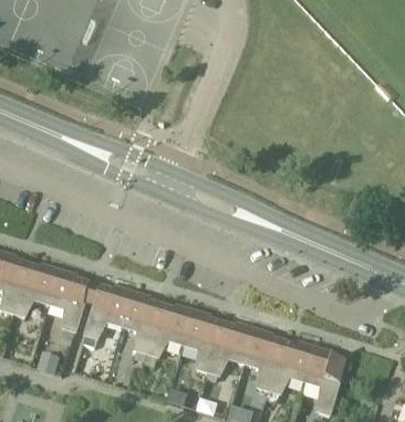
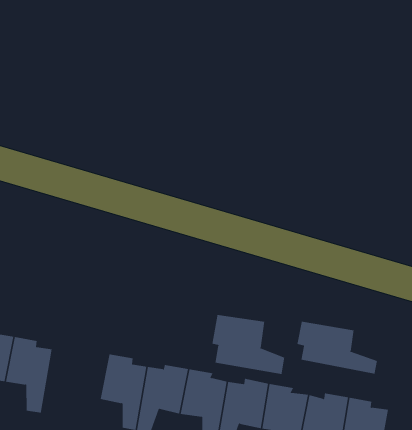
building: none -> [212,314,285,375]
building: none -> [297,321,378,375]
building: [85,286,133,338] -> none

